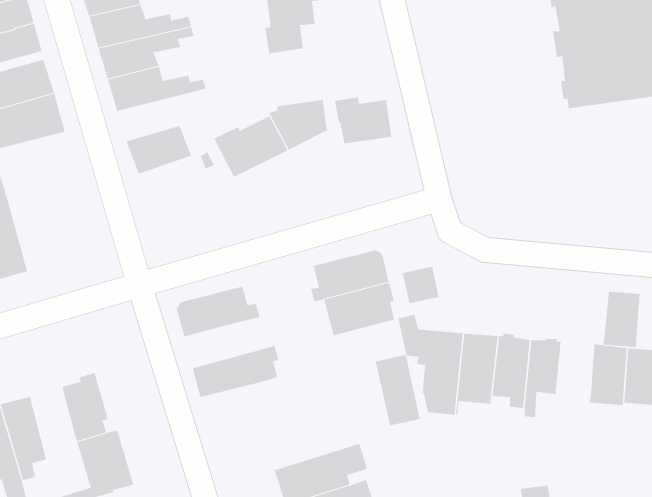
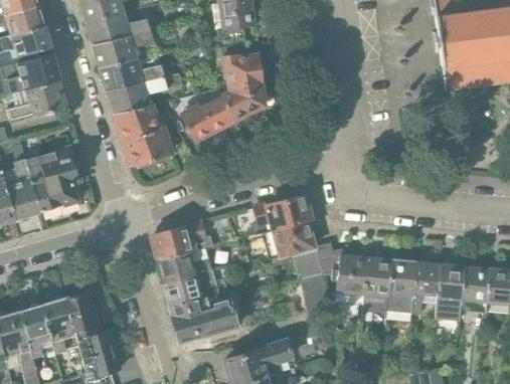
building: none -> [107,72,183,114]
building: [334,97,392,144] -> [219,52,263,87]
building: none -> [123,125,172,167]
building: none -> [26,148,79,211]
building: [402,266,440,304] -> [295,250,323,278]
building: [603,291,640,348] -> [436,263,464,306]
building: none -> [157,251,211,283]
building: none -> [169,294,239,344]
building: none -> [42,298,79,354]

